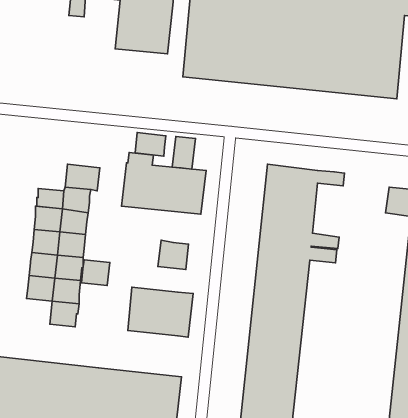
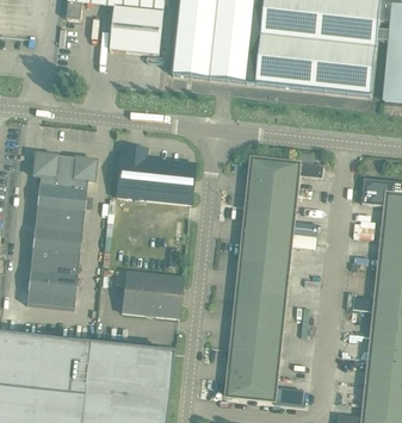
building: [135,133,166,156] -> none
building: [172,137,196,169] -> none
building: none -> [32,153,66,181]
building: [158,240,189,269] -> none
building: [82,260,110,285] -> [25,281,51,305]

